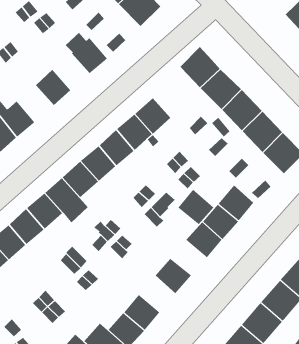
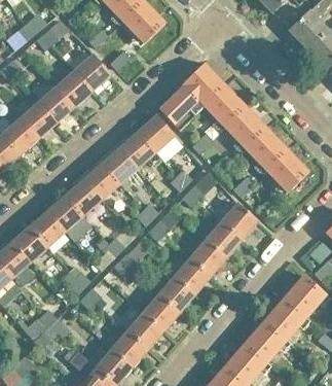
building: none -> [56,70,93,107]
building: none -> [159,84,205,131]
building: none -> [20,102,57,139]
building: [178,189,214,225] -> [174,257,211,293]
building: none -> [142,293,179,330]

